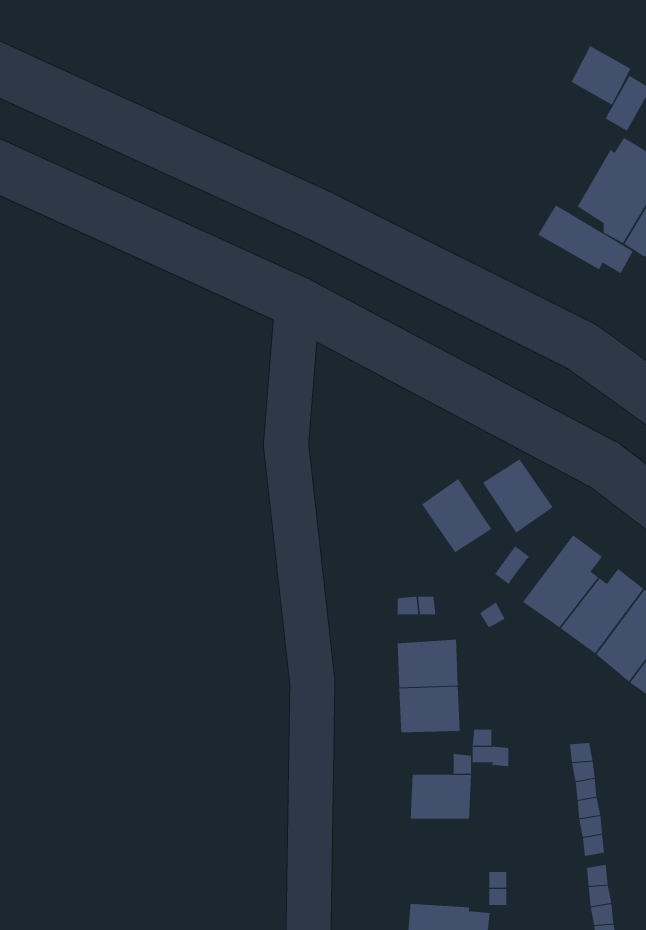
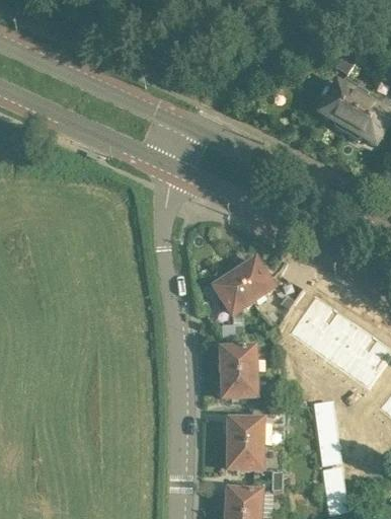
building: [571,45,631,106] -> none
building: [538,205,633,274] -> none
building: [482,459,553,534] -> [215,274,253,314]
building: none -> [229,444,261,469]

